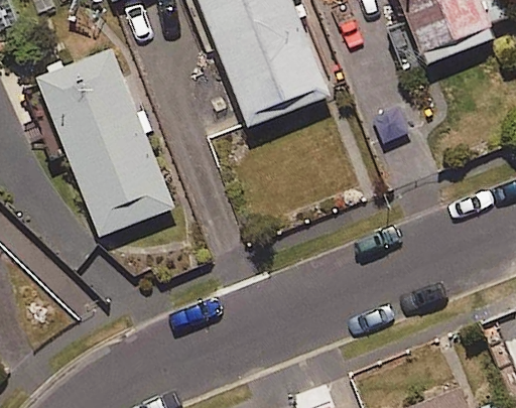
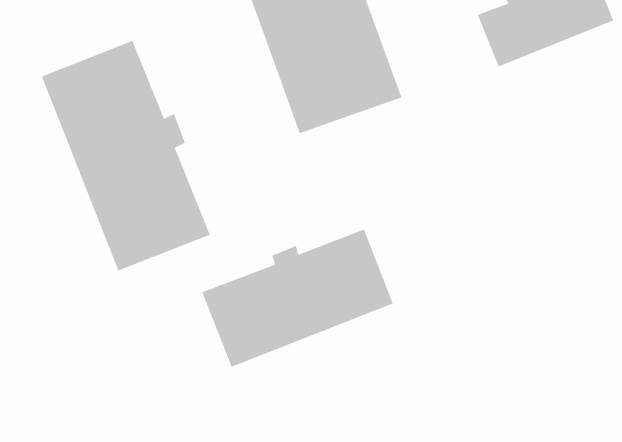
building: none -> [201,229,394,368]

